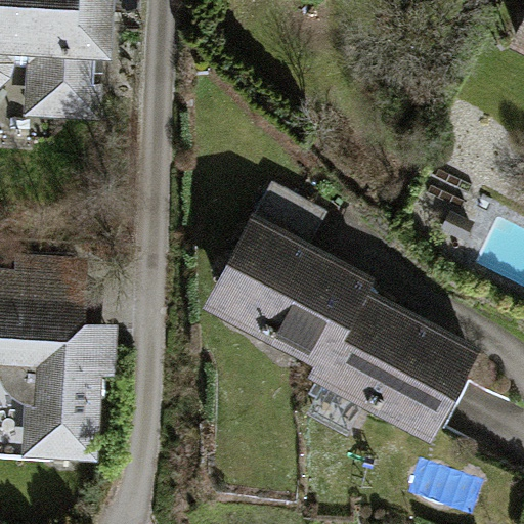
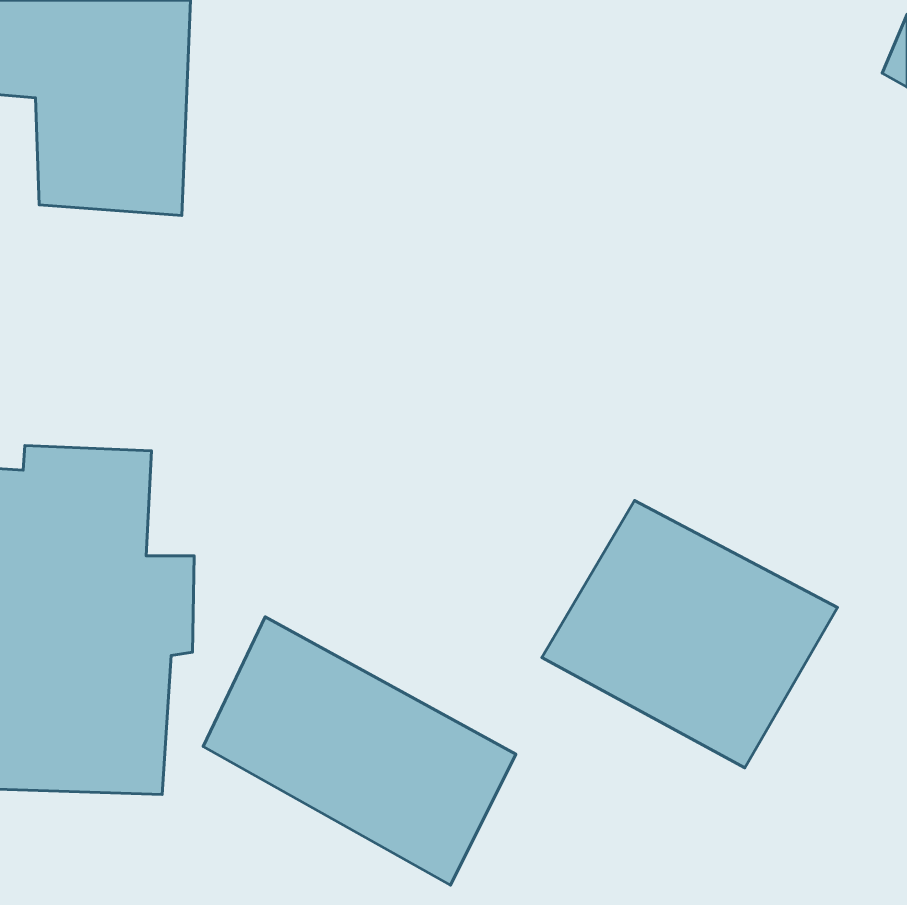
building: [200,184,372,370] -> none
building: none -> [203,617,516,885]

